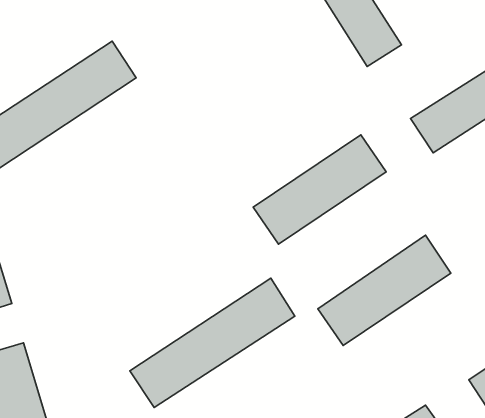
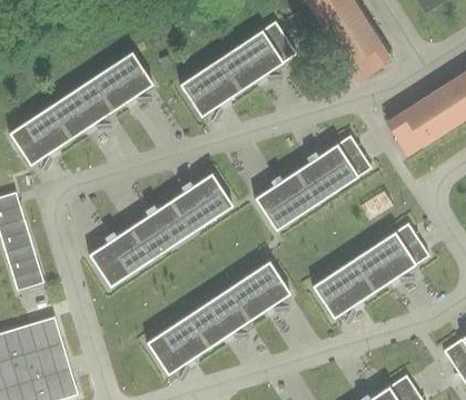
building: none -> [179,21,296,118]
building: none -> [89,174,234,287]

